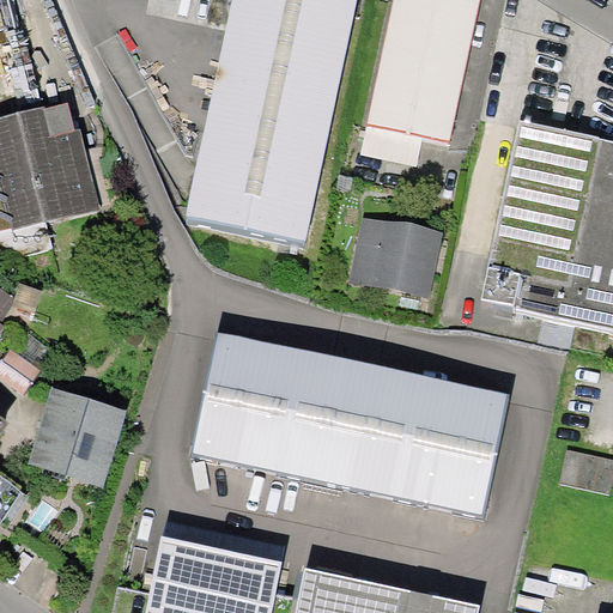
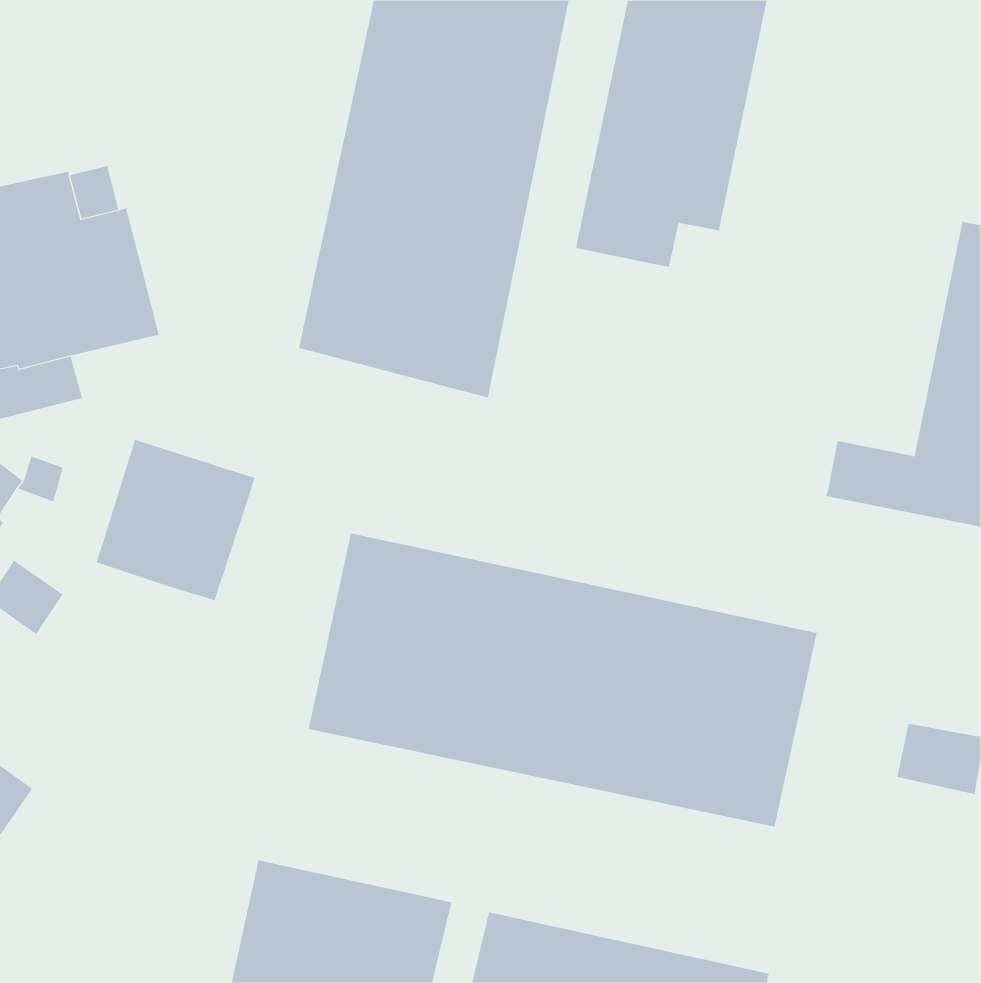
building: [482,121,599,305] -> none
building: [348,217,442,298] -> none
building: [28,387,127,487] -> [96,439,256,601]

